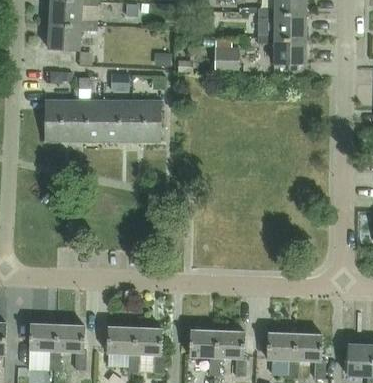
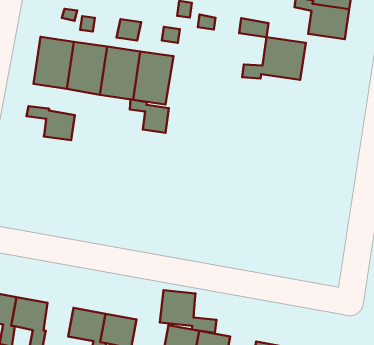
building: none -> [242,37,306,80]
building: none -> [130,99,169,133]
building: none -> [27,106,75,140]
building: none -> [160,290,217,333]

